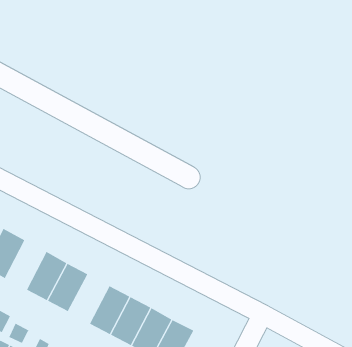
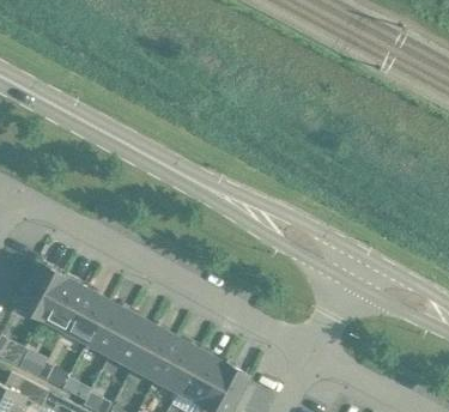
building: none -> [42,277,86,331]
building: none -> [110,314,154,368]

